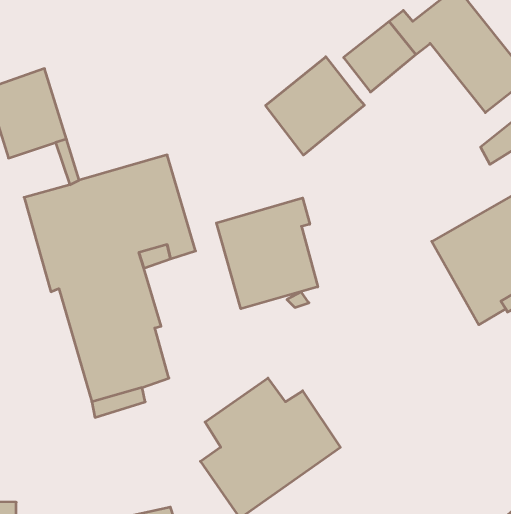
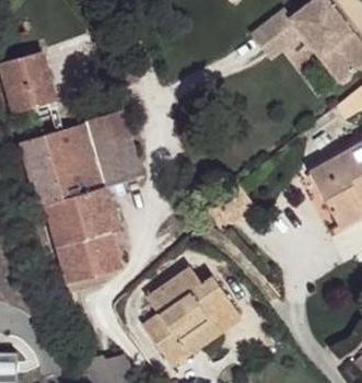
building: [266,57,364,155] -> none
building: [216,198,318,309] -> none

